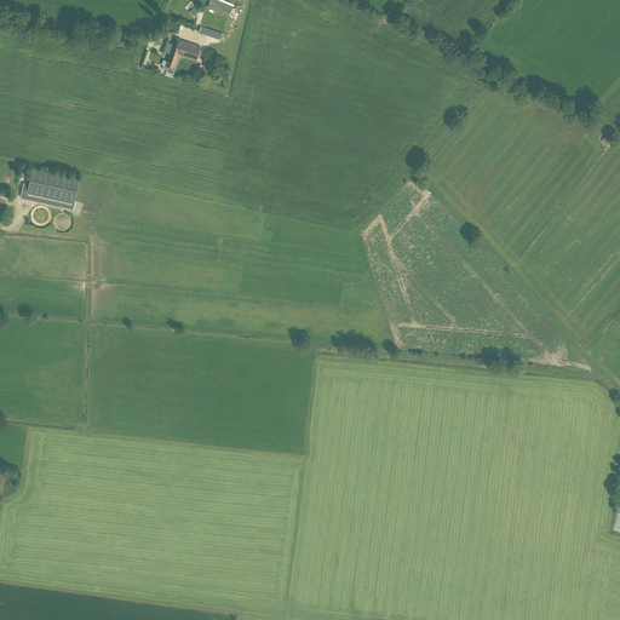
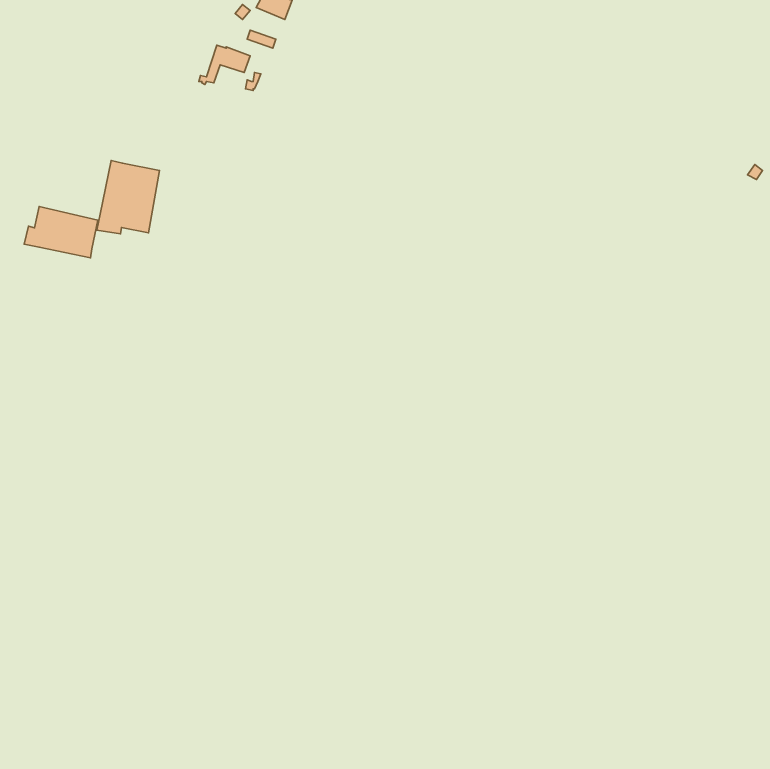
building: none -> [97,161,159,234]

